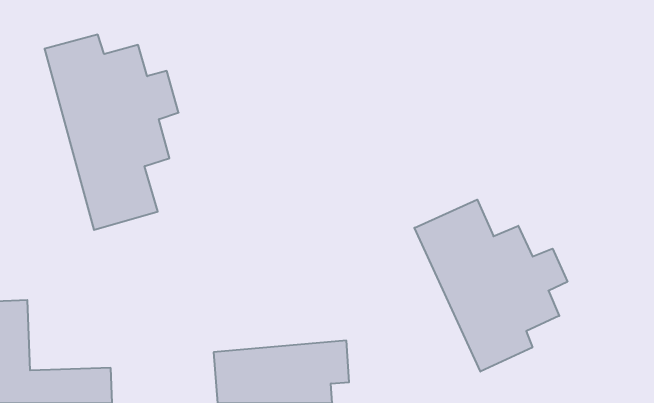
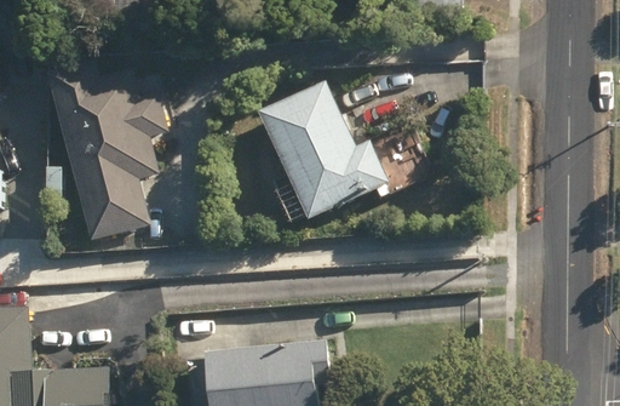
building: none -> [256,84,430,225]
building: [414,200,567,372] -> none

